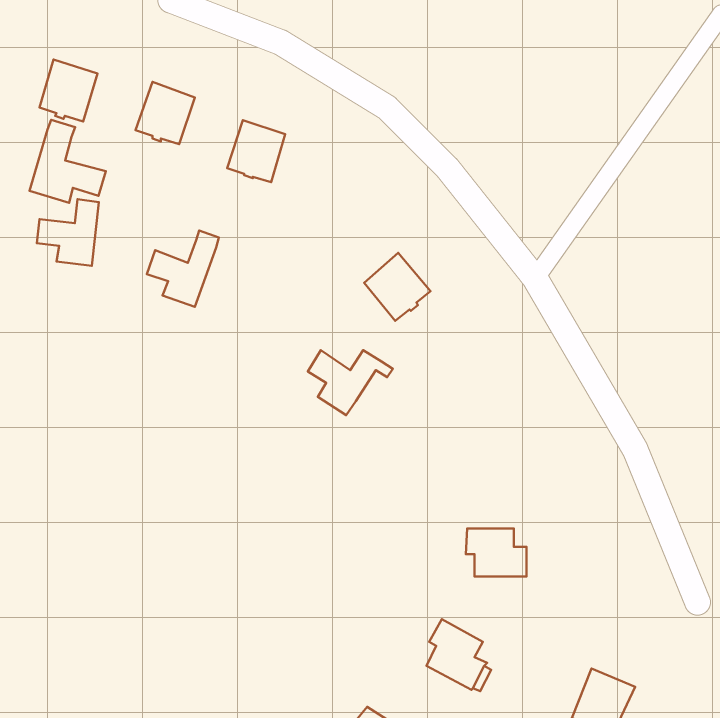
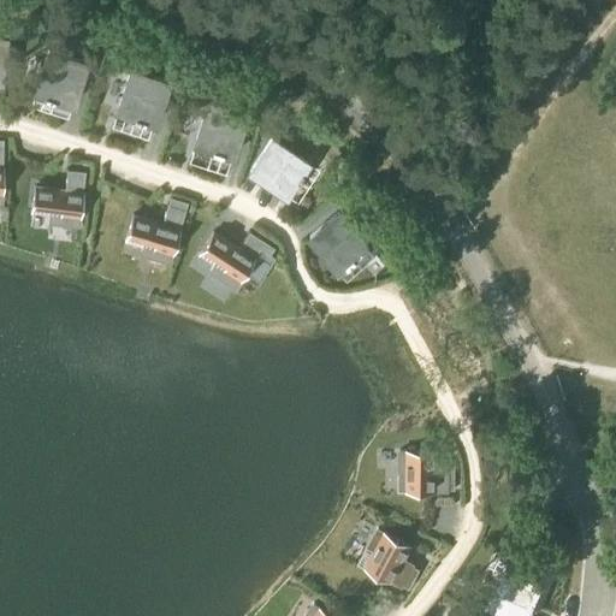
building: [29,120,106,203] -> none
building: none -> [250,138,306,196]
building: [308,350,393,415] -> [202,236,274,291]

